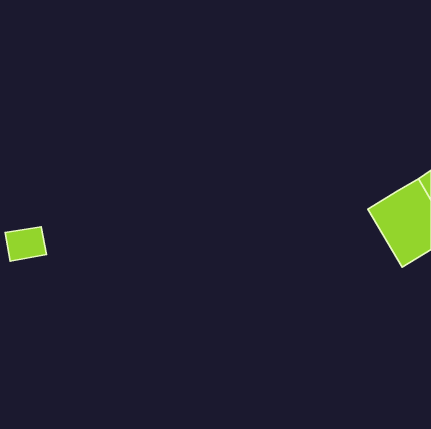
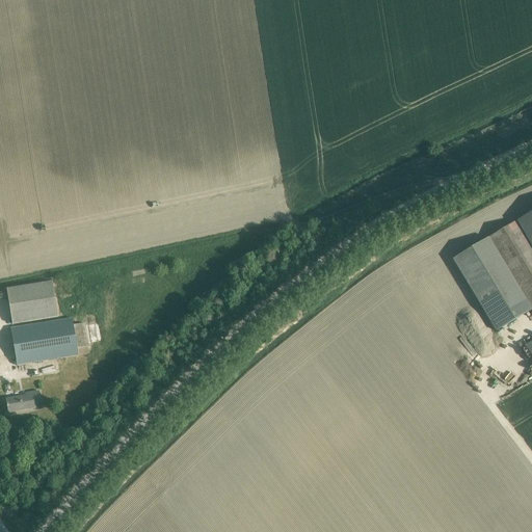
building: none -> [10,316,87,364]
building: none -> [6,390,42,411]

